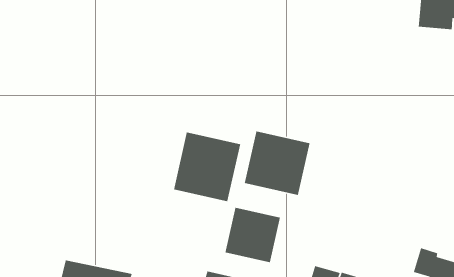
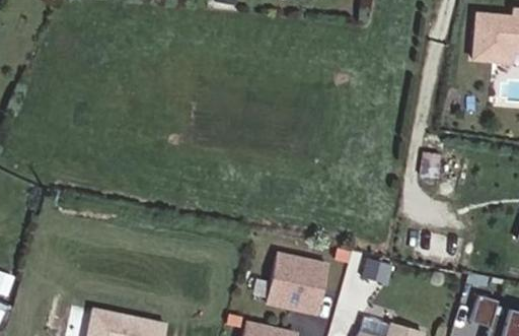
building: [244,130,310,196] -> none
building: [173,132,241,202] -> none

